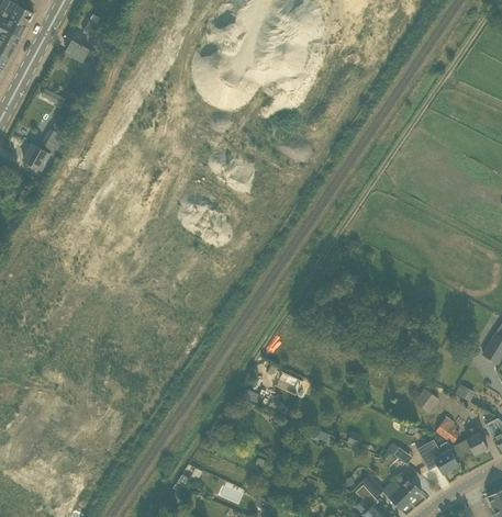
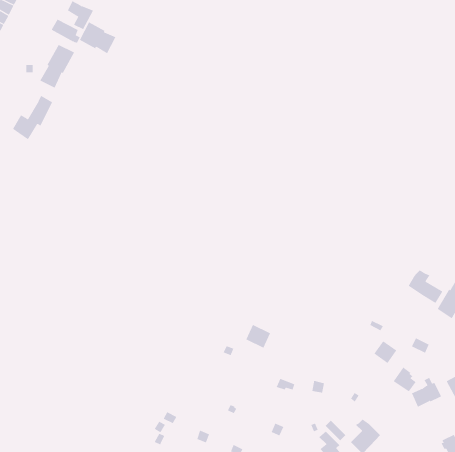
building: none -> [79,22,116,54]
building: none -> [40,44,75,88]
building: none -> [408,270,443,304]
building: [421,447,457,473] -> none

